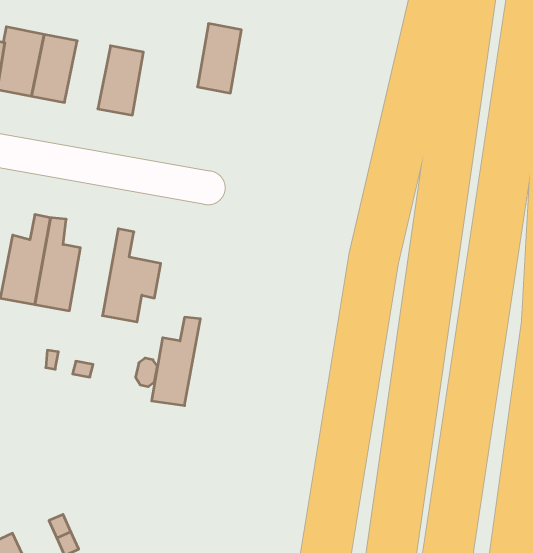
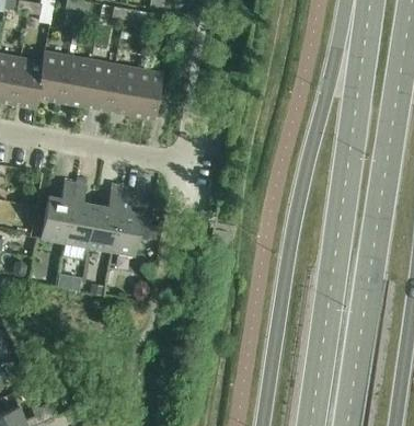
building: [197,24,241,93] -> [130,68,161,116]
building: none -> [83,60,115,107]
building: [152,317,200,406] -> [87,189,120,251]

